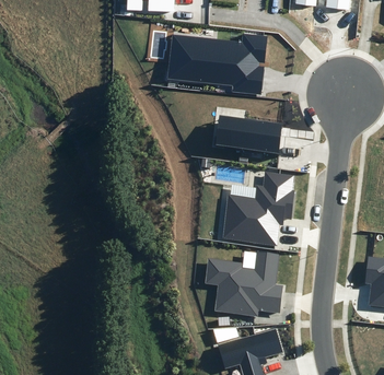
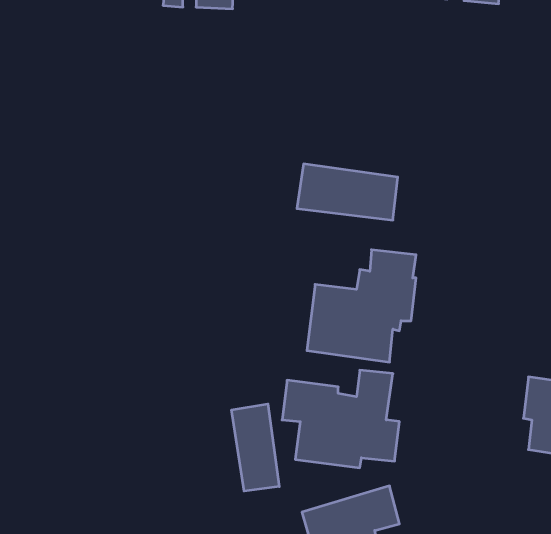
building: [165,33,267,95] -> none
building: none -> [232,404,279,491]

